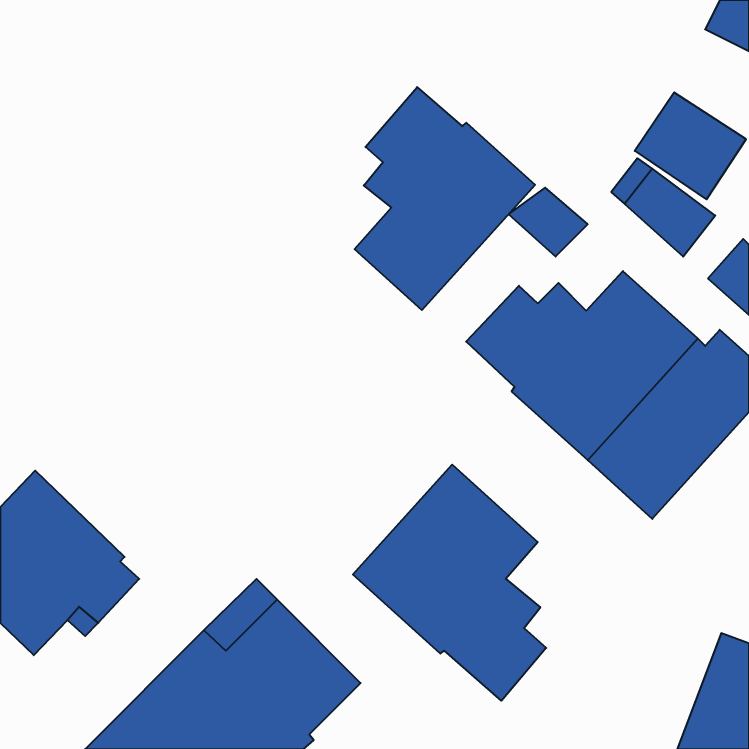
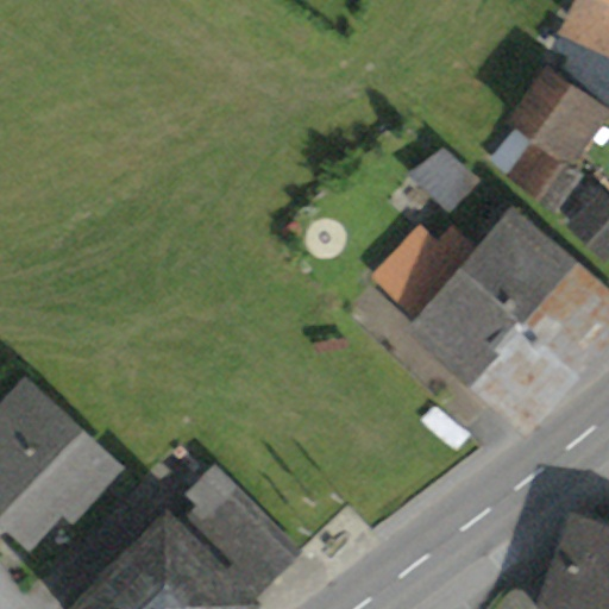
building: [355,87,535,310] -> none
building: [353,465,546,701] -> none

